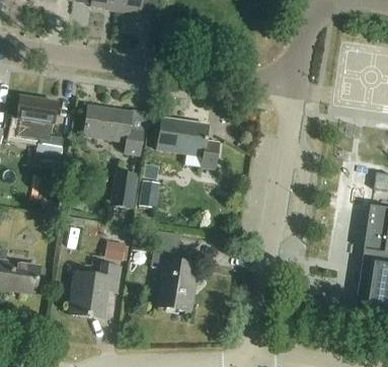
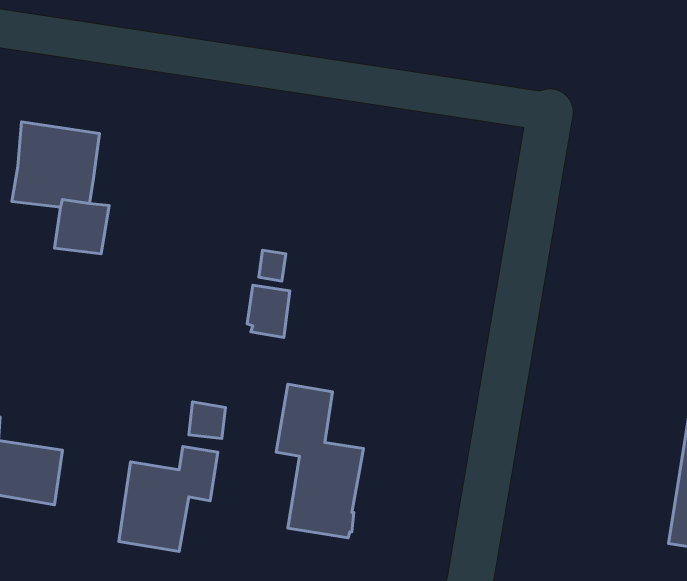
building: [84,105,145,157] -> none
building: [158,118,220,169] -> none
building: [113,171,137,209] -> none

